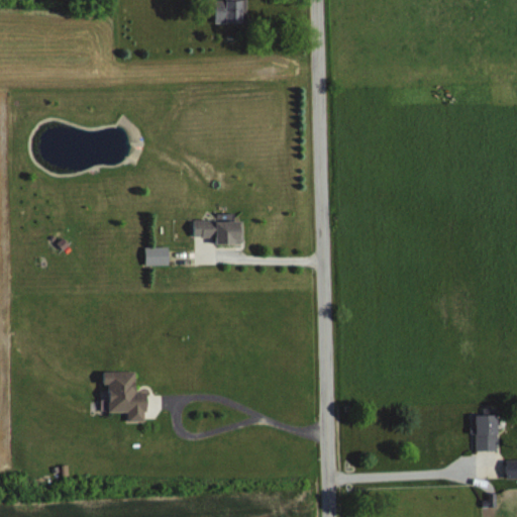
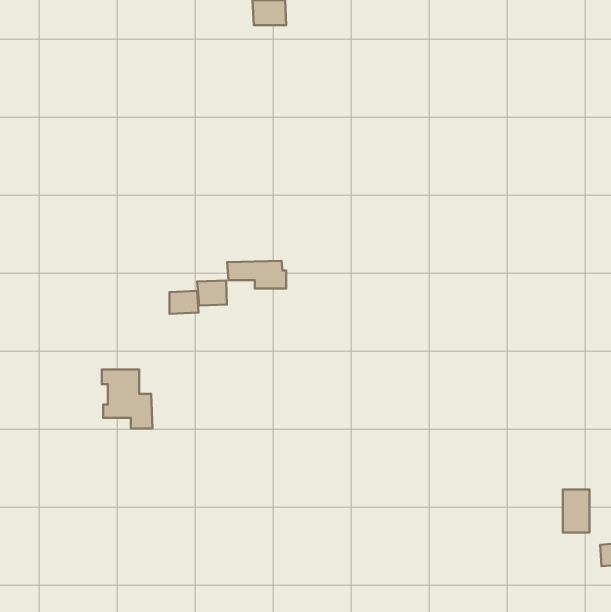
building: none -> [197,280,227,305]
building: [105,371,147,420] -> [102,370,152,429]

